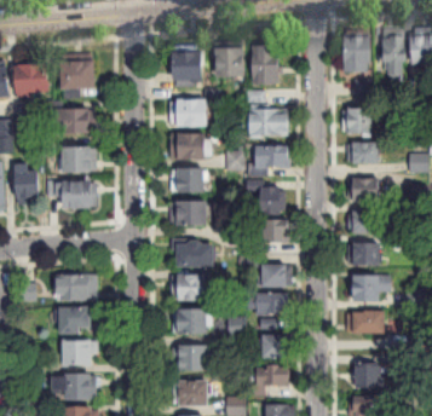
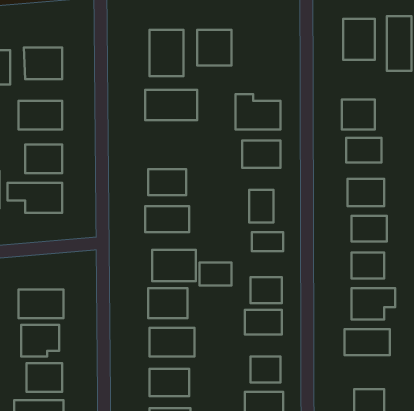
building: [250,44,278,82] -> none
building: [168,133,209,157] -> none
building: none -> [199,263,232,285]

